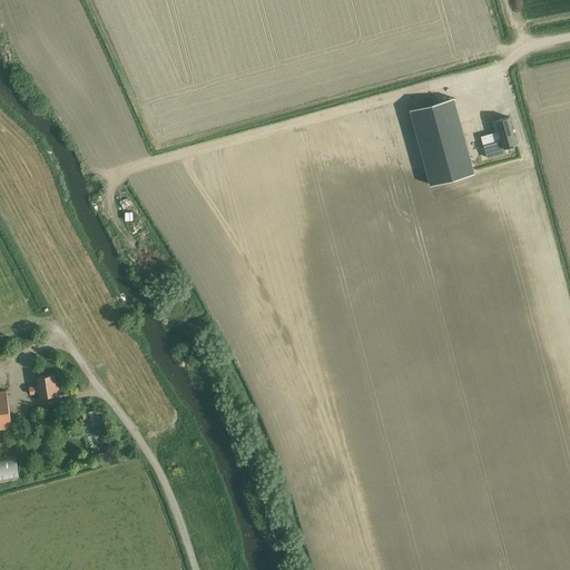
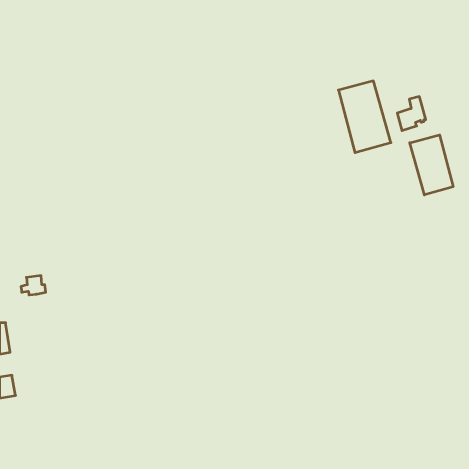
building: none -> [410,135,453,195]
building: [29,375,59,399] -> [21,276,46,295]

